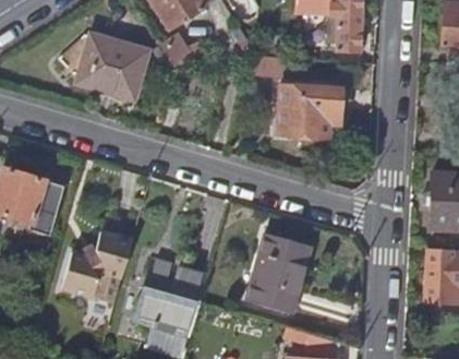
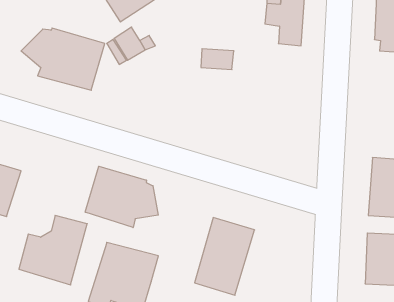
building: [276,84,341,136] -> none
building: none -> [85,166,158,228]

